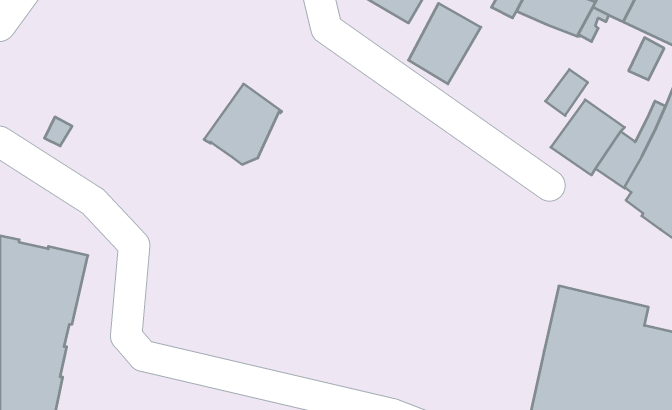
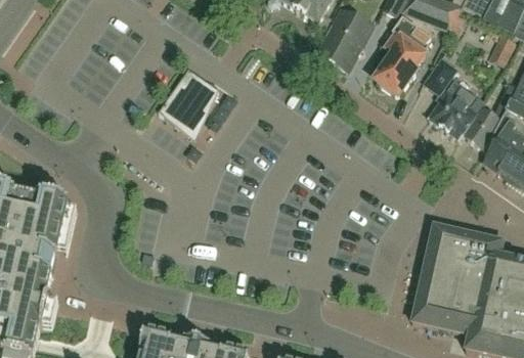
building: none -> [377,14,432,92]

